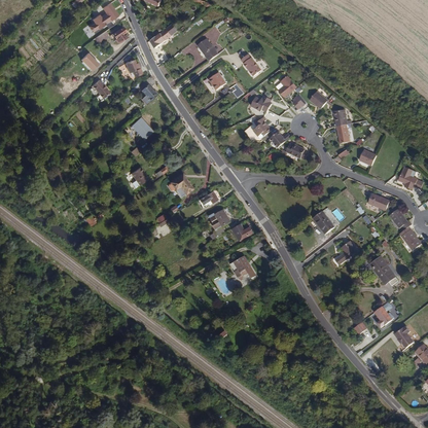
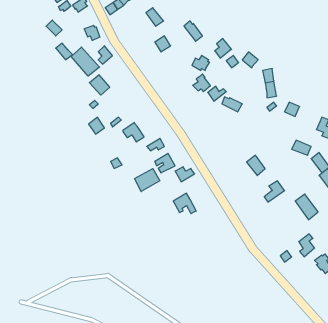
building: none -> [71,47,100,76]
building: none -> [135,169,160,192]

